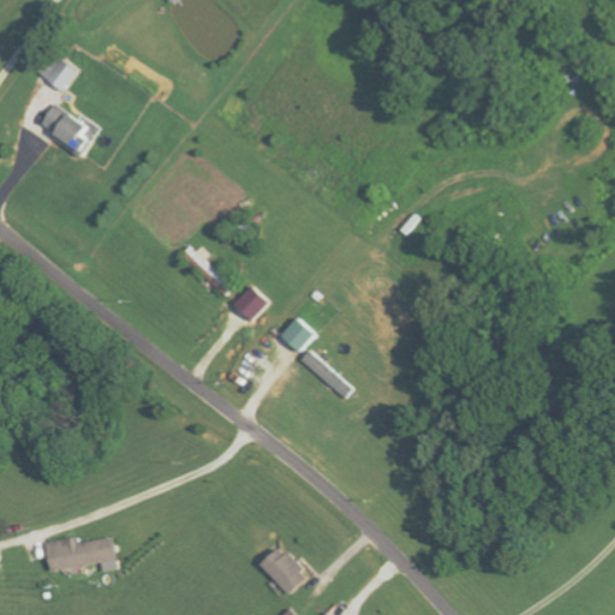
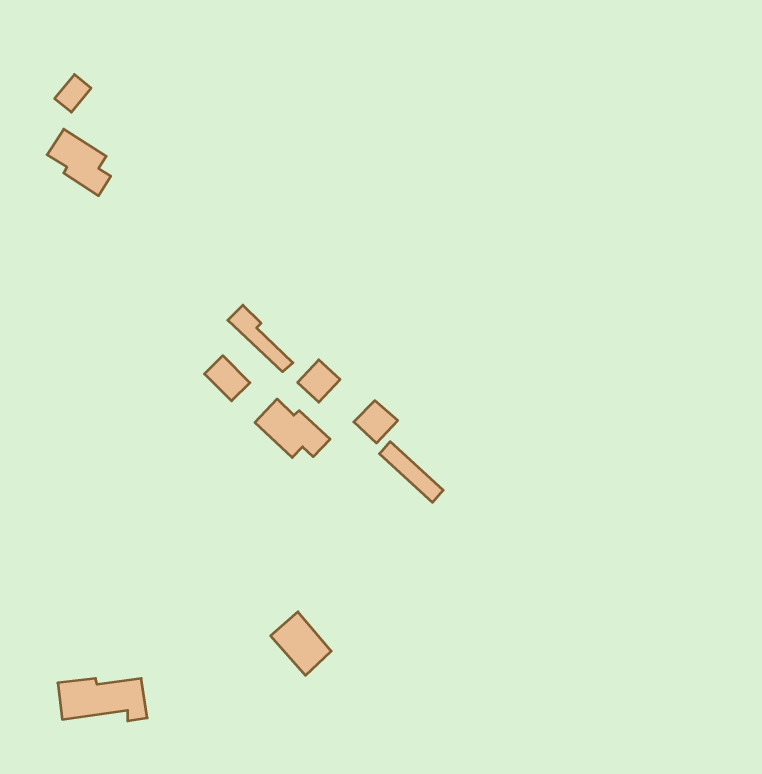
building: none -> [204,356,250,401]
building: none -> [255,399,330,458]
building: [257,544,305,595] -> [271,612,331,675]

